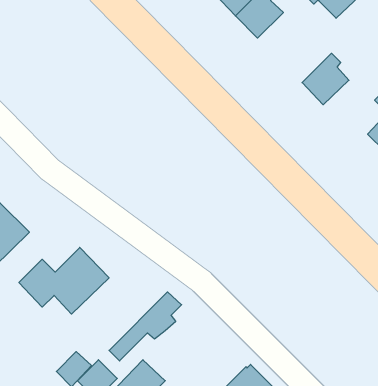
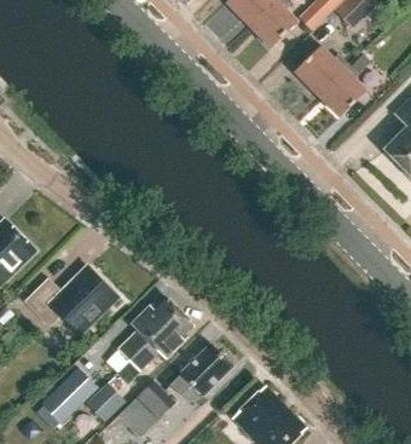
building: none -> [295,47,348,96]
building: none -> [108,299,179,373]
building: none -> [170,345,233,397]

